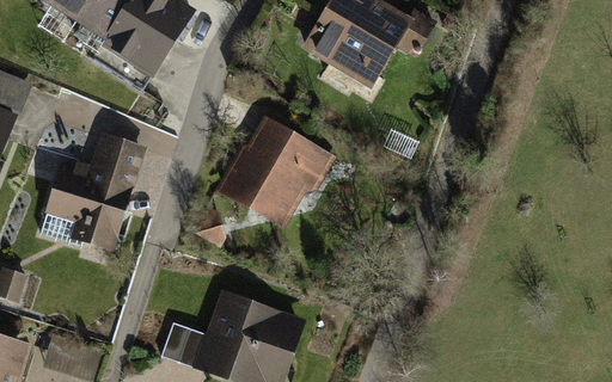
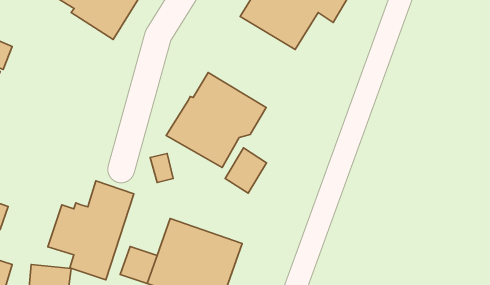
building: [42,133,145,251] -> [48,181,134,280]
building: none -> [225,148,267,193]

